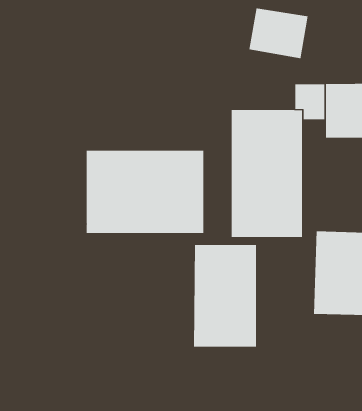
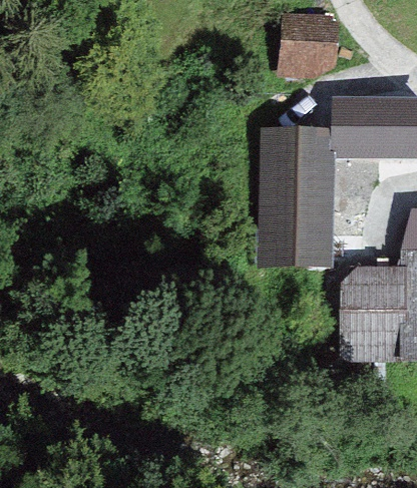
building: [86,150,204,234] -> none
building: [193,244,257,348] -> none

